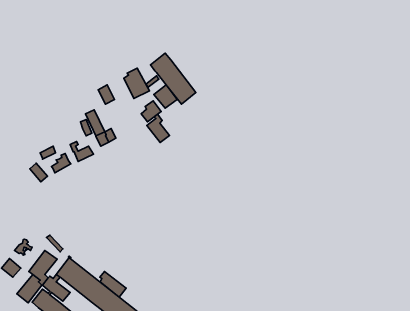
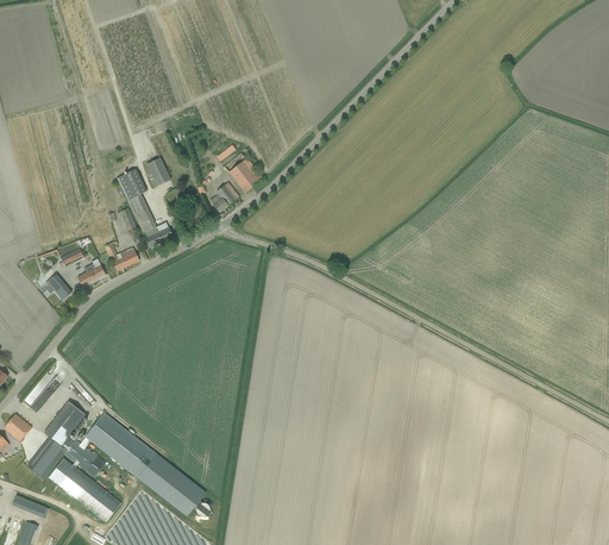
building: [151,53,196,104] -> none
building: [124,68,150,99] -> none
building: none -> [117,169,146,200]
building: [147,115,170,143] -> none
building: [100,271,126,297] -> none

